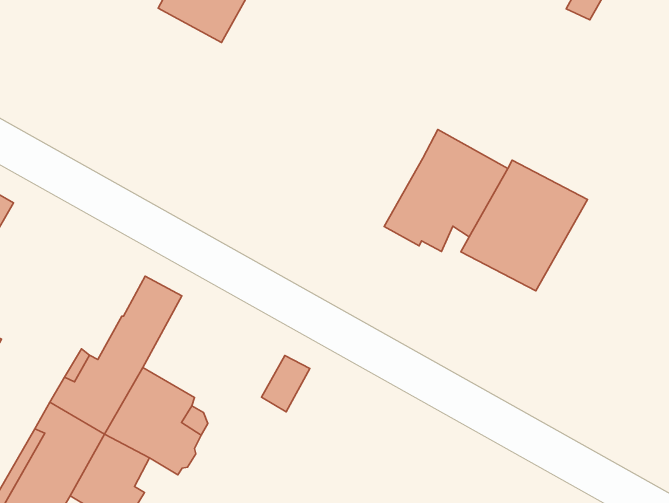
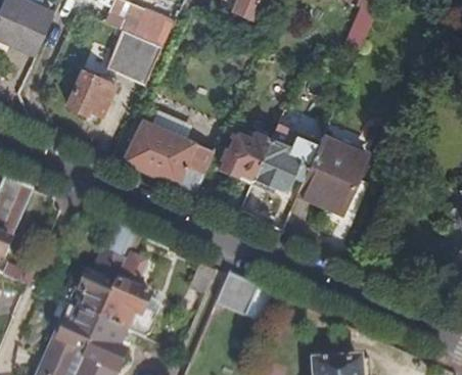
building: none -> [68,71,116,114]
building: none -> [124,118,223,192]
building: none -> [220,130,270,181]
building: none -> [218,274,268,319]

